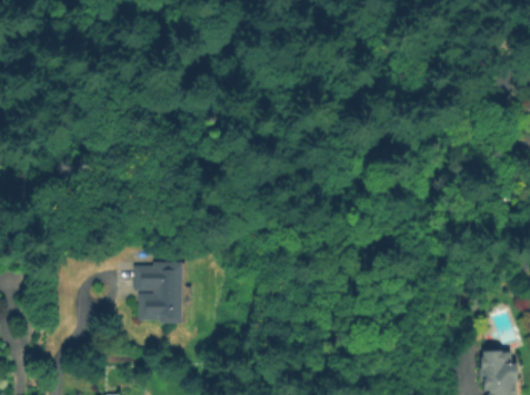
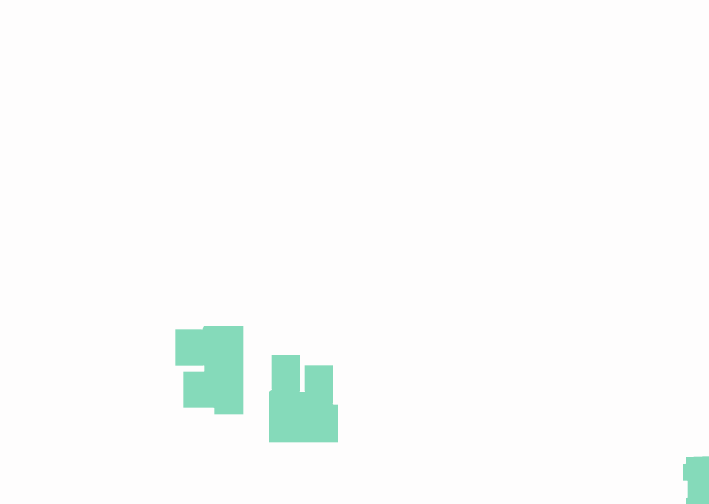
building: none -> [269,354,338,443]

